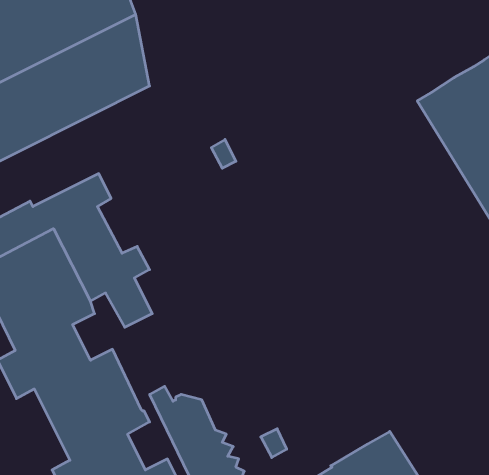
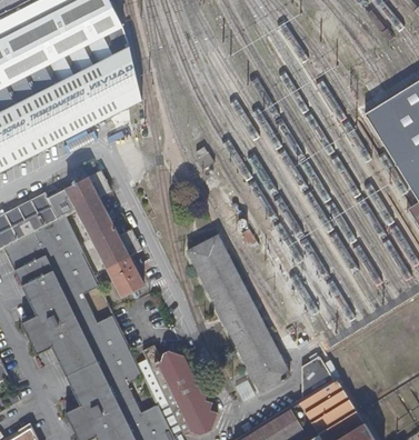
building: none -> [189,238,290,391]
building: none -> [302,360,337,391]

